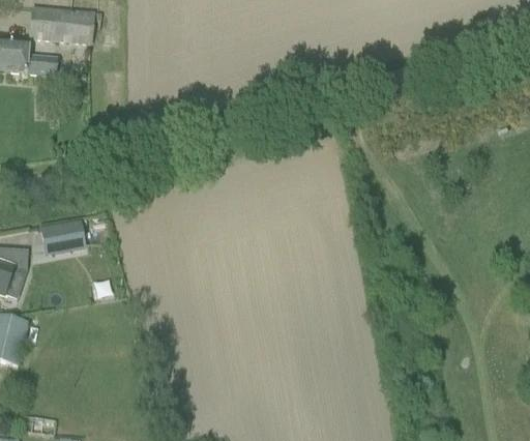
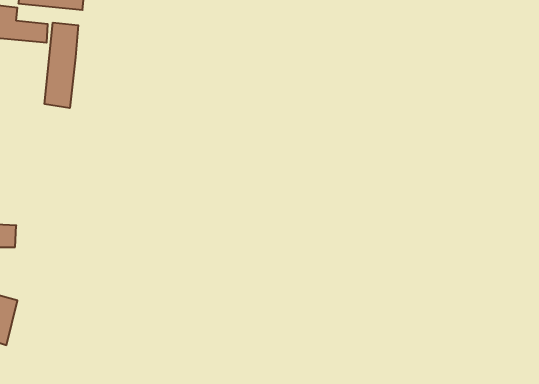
building: none -> [45,23,78,108]
building: [40,220,84,253] -> none

